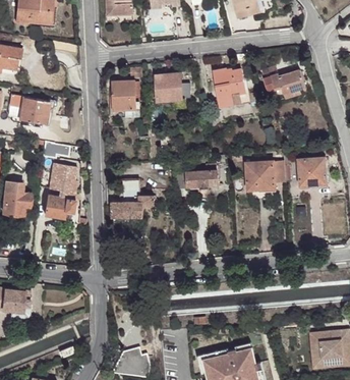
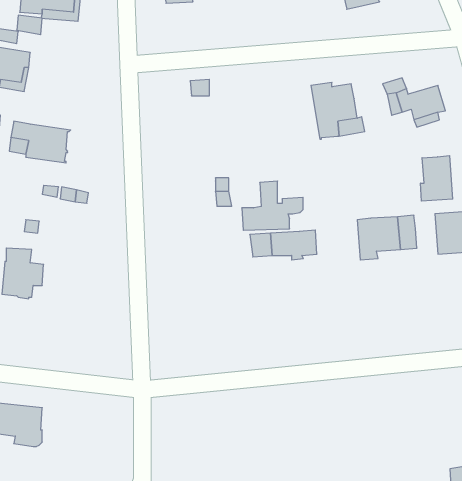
building: [156,74,183,102] -> none
building: [109,82,140,118] -> none
building: none -> [421,156,453,201]
building: [45,163,77,218] -> none
building: [112,183,154,217] -> [242,181,303,230]

